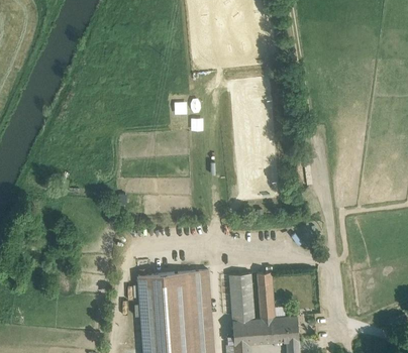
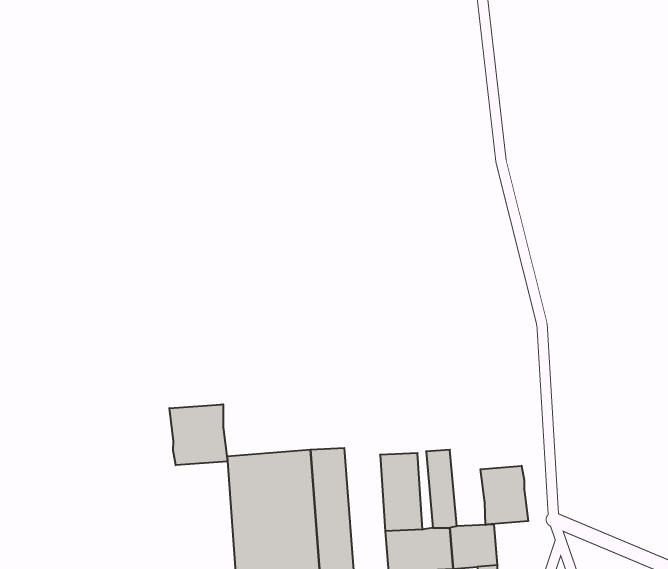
building: none -> [169,404,227,465]
building: none -> [480,466,528,525]

